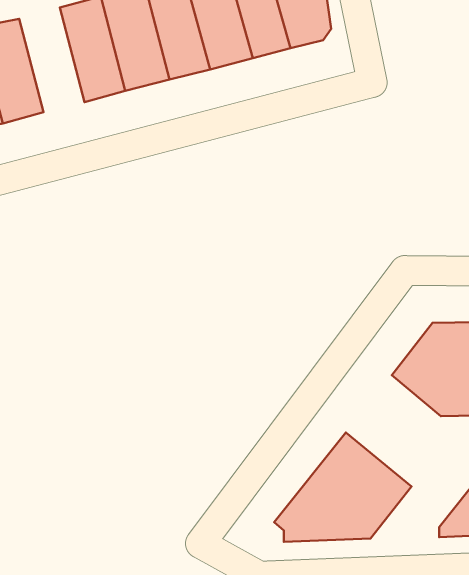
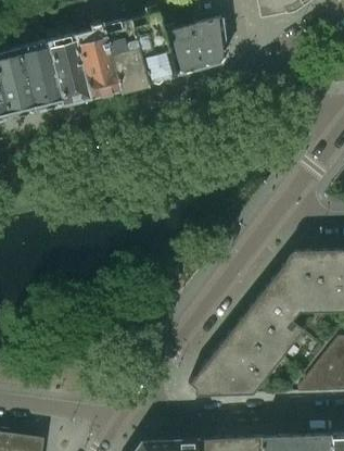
building: none -> [20,40,63,110]
building: none -> [237,285,304,359]

